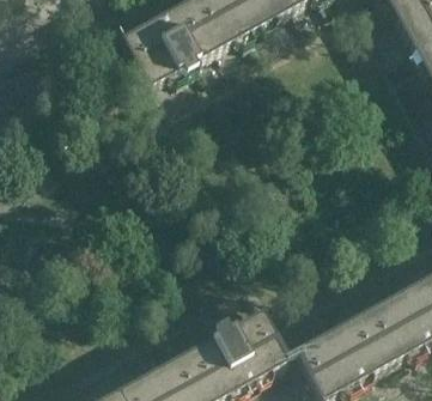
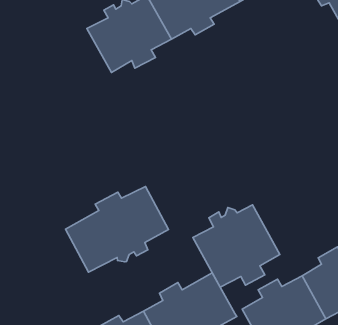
building: none -> [65,187,168,272]
building: none -> [193,205,280,287]

